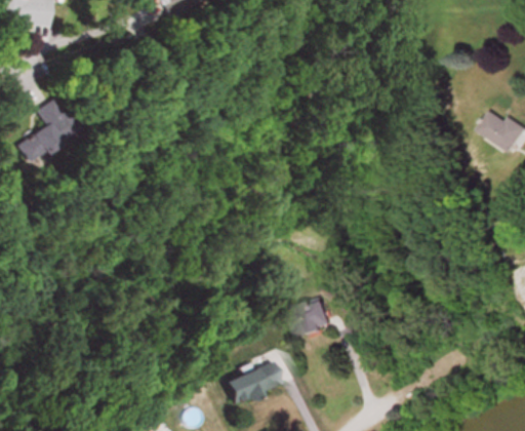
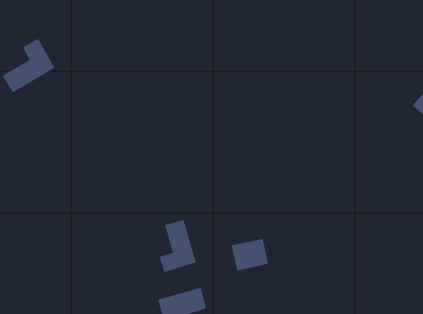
building: none -> [159,219,196,273]

